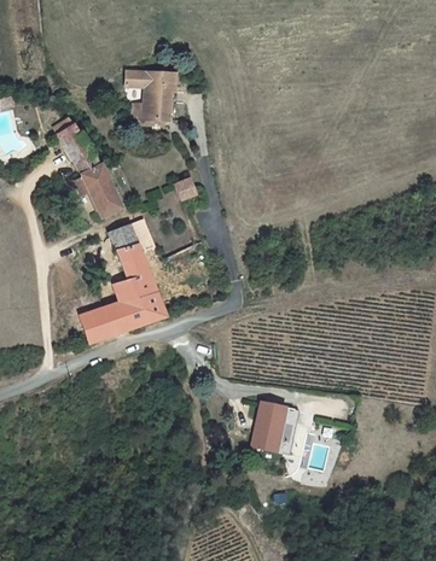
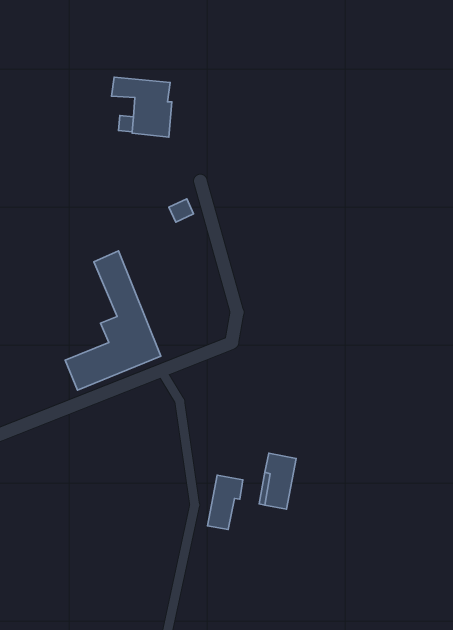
building: [51,112,122,217] -> none
building: none -> [207,475,243,530]

